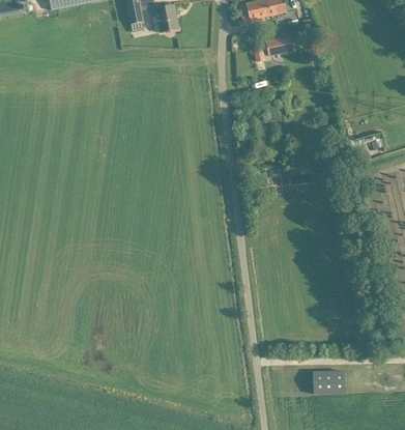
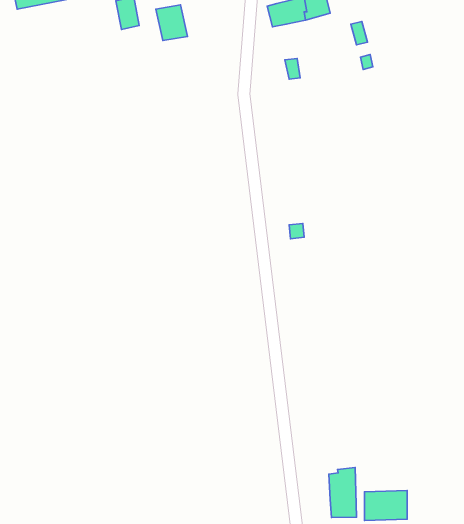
building: [265,35,295,55] -> none
building: none -> [329,468,356,518]

